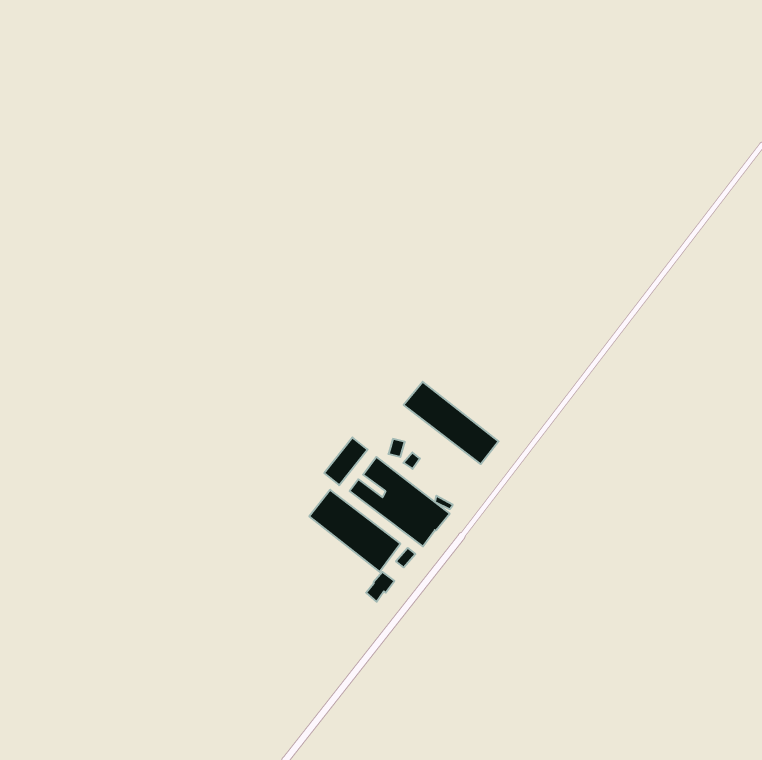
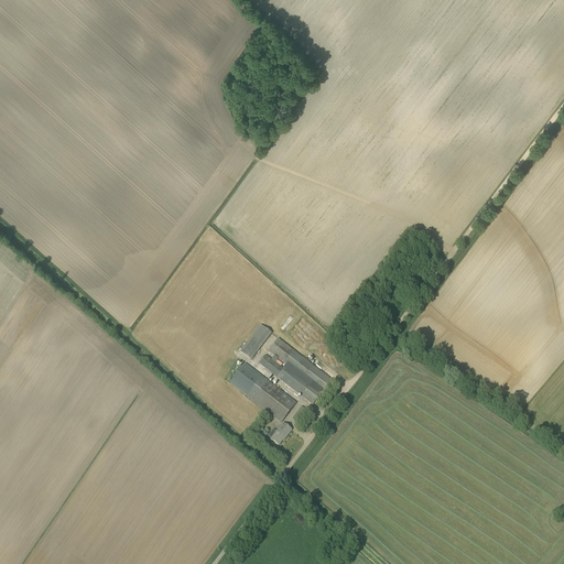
building: [404,382,499,464] -> none

